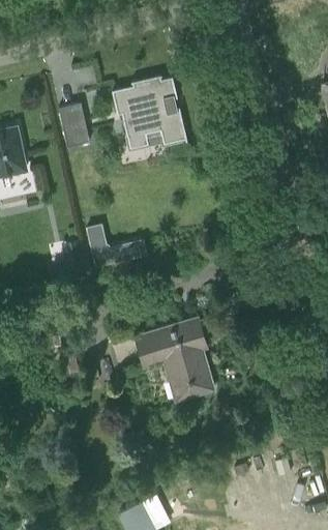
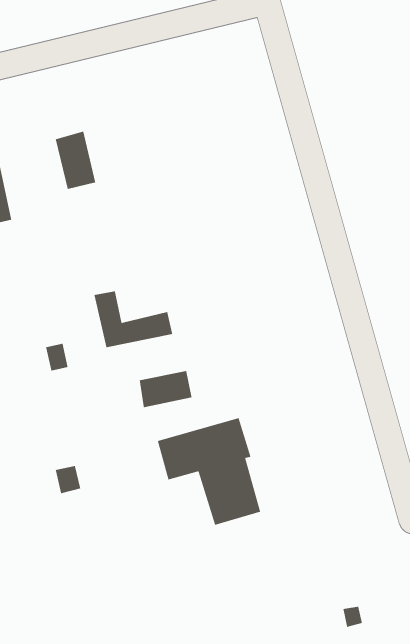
building: [112,77,187,150] -> none
building: none -> [139,370,192,408]

